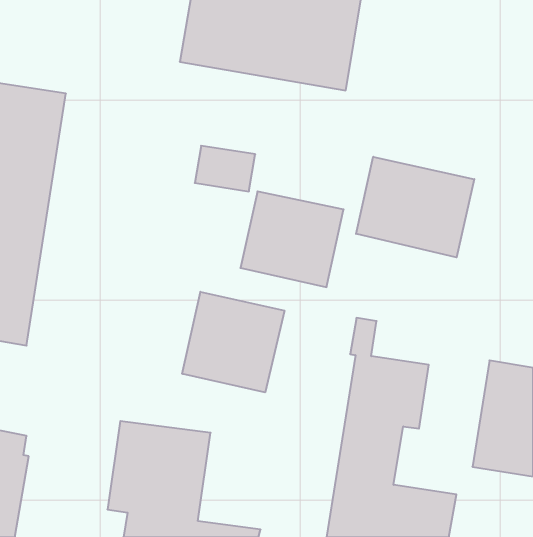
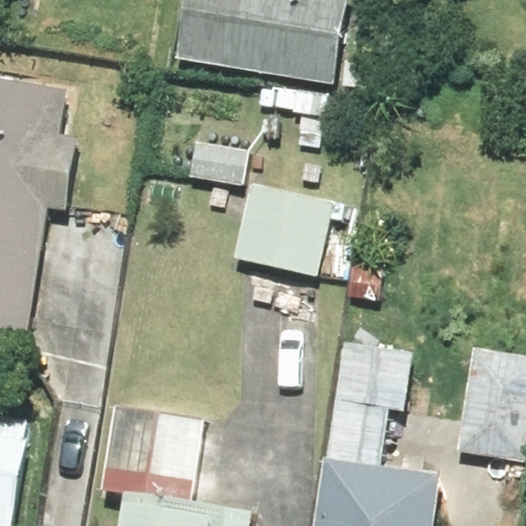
building: [356,157,474,257] -> none
building: [182,292,284,392] -> none

